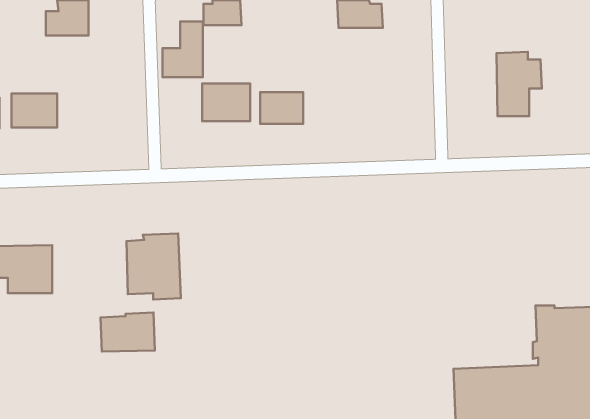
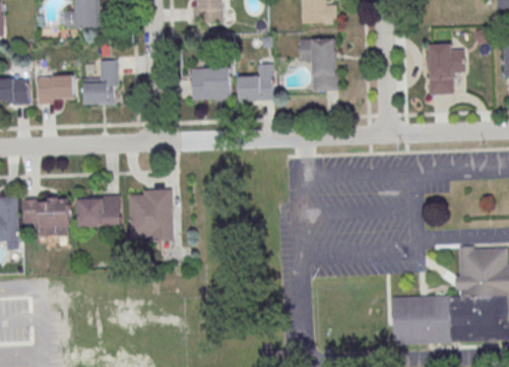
building: [163,22,203,77] -> [84,60,117,105]
building: none -> [300,37,337,90]
building: [100,312,155,352] -> [78,194,122,226]

